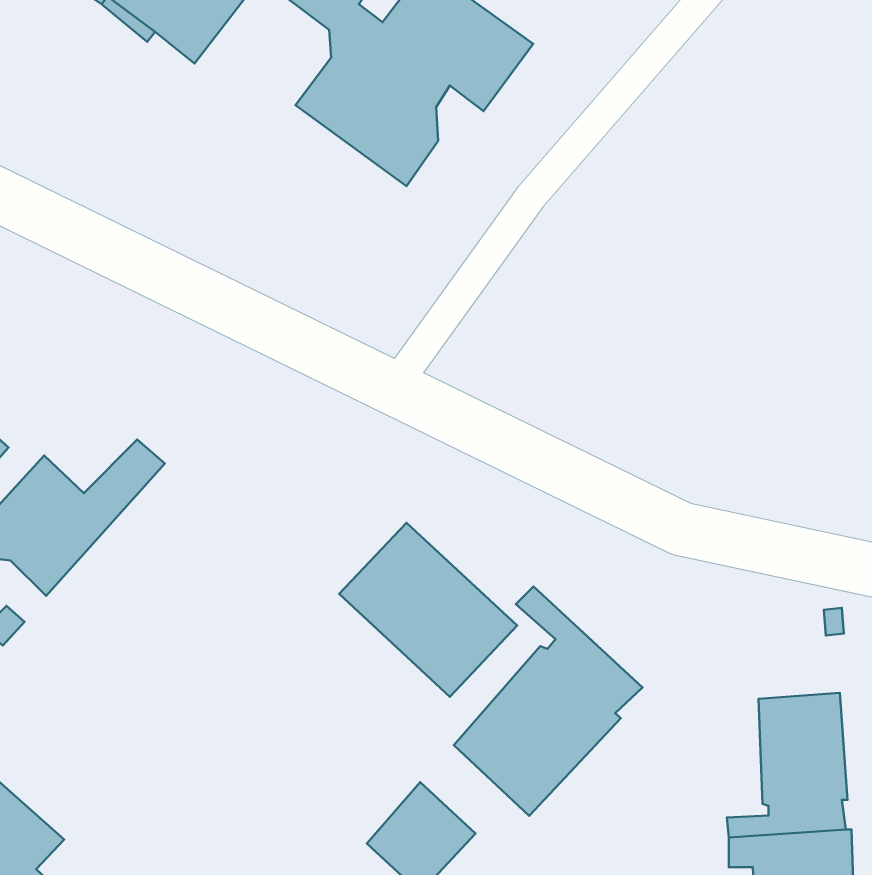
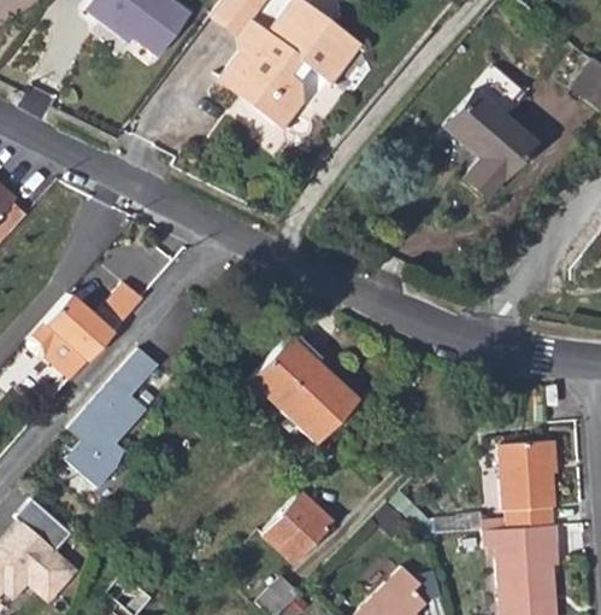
building: none -> [436,94,526,201]
building: none -> [71,341,164,480]
building: [454,586,642,816] -> none

